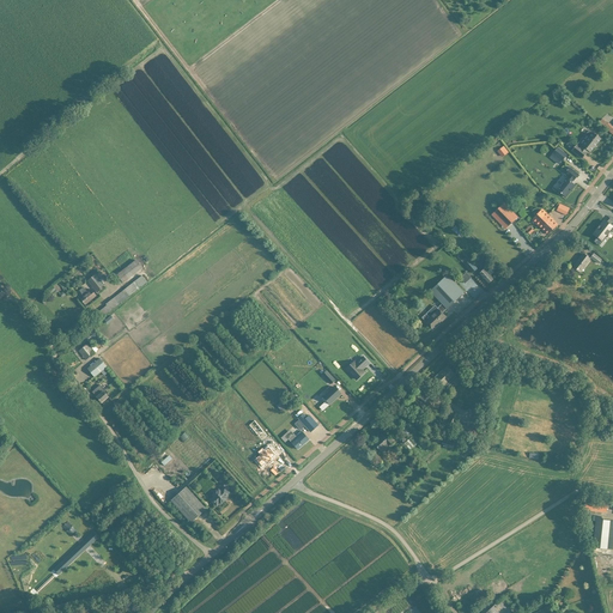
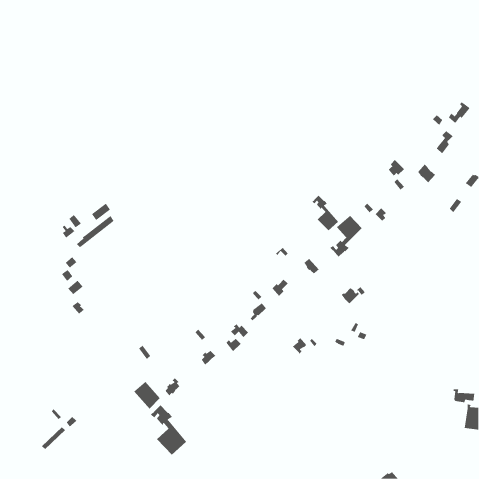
building: none -> [311,195,339,231]
building: none -> [150,405,187,456]

